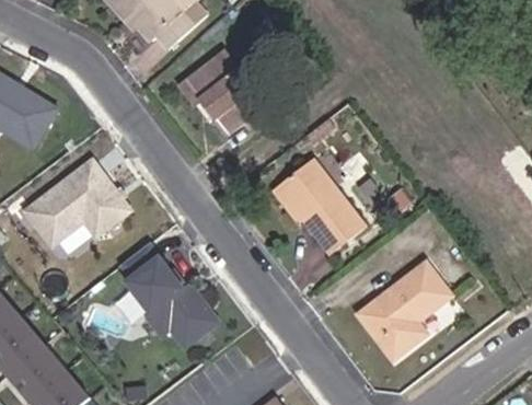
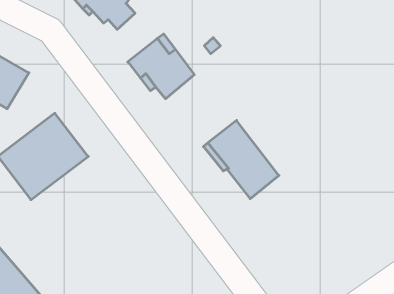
building: [114,244,218,354] -> none
building: [358,269,447,362] -> none

